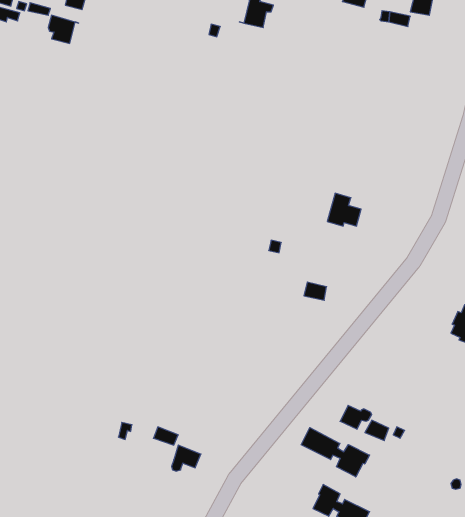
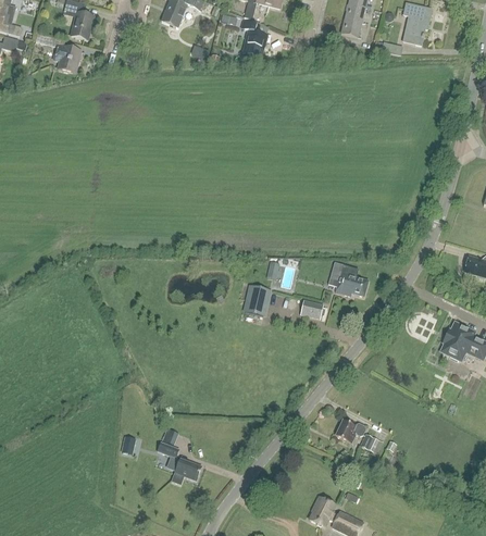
building: [327,193,361,226] -> [335,264,367,296]
building: none -> [242,284,271,315]
building: [301,428,370,477] -> none

